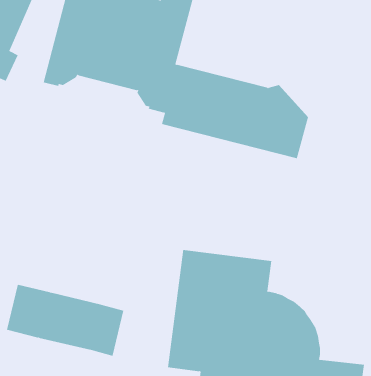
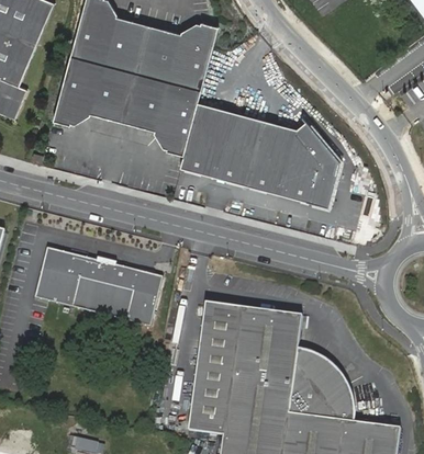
building: [6,284,124,356] -> [35,249,163,327]

